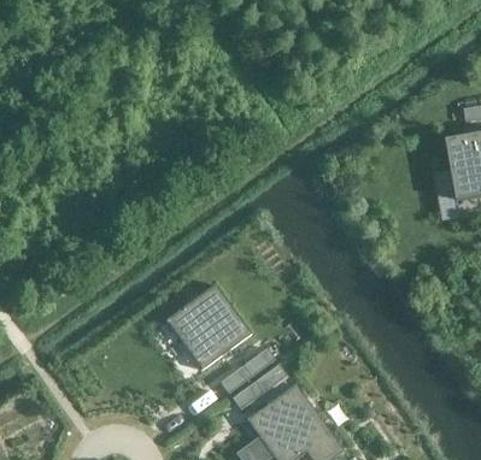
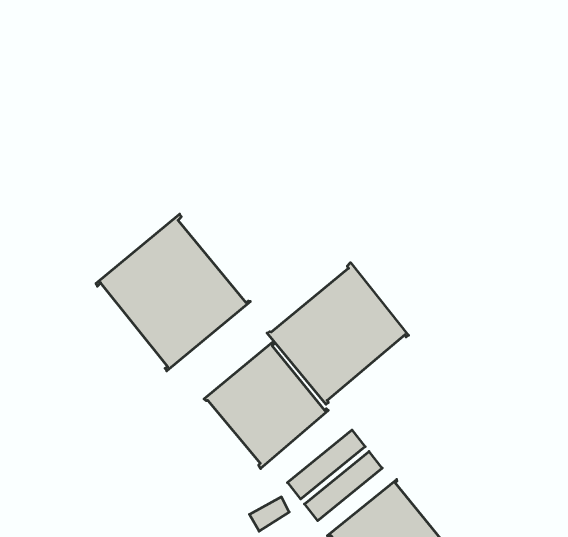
building: none -> [96,214,250,371]
building: none -> [267,263,409,404]

